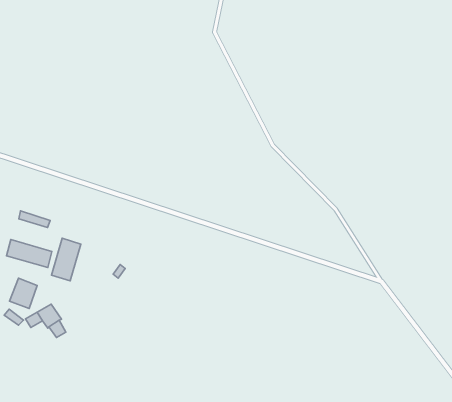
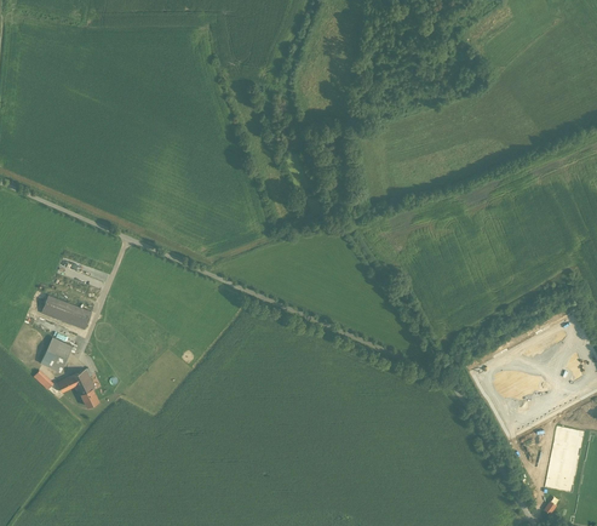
building: [52,238,81,281] -> none

